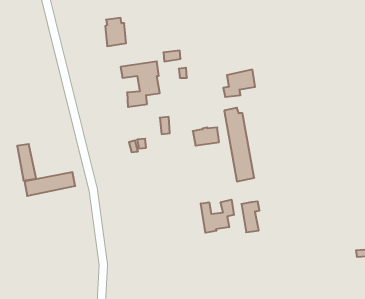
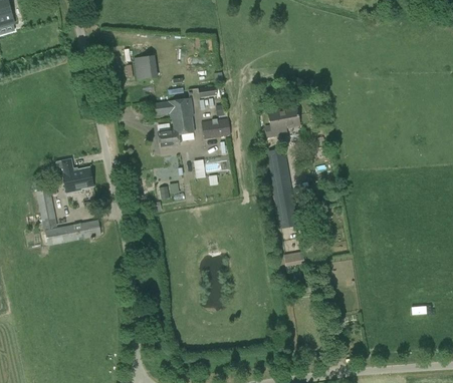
building: none -> [56,158,92,192]
building: [193,127,219,146] -> [201,117,230,137]
building: [201,200,234,233] -> none

